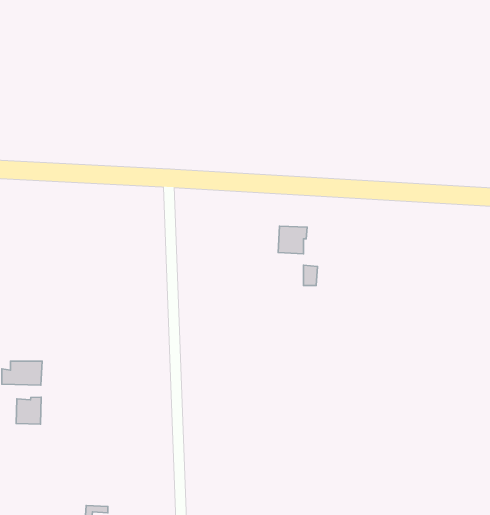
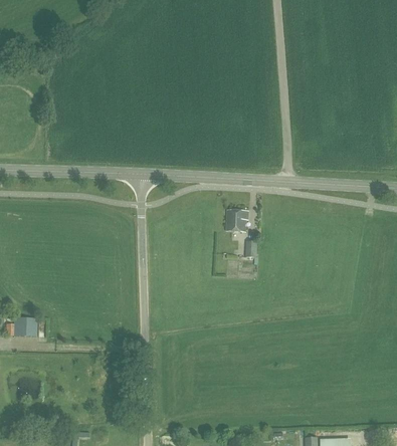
building: [16,397,41,424] -> none

